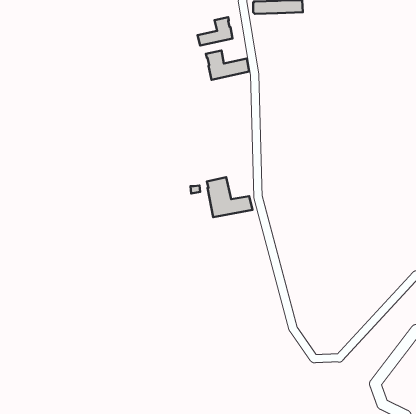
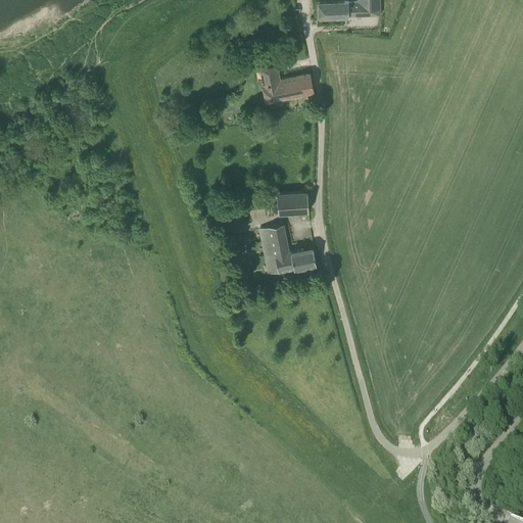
building: [198,17,233,46] -> none
building: none -> [277,192,308,213]

